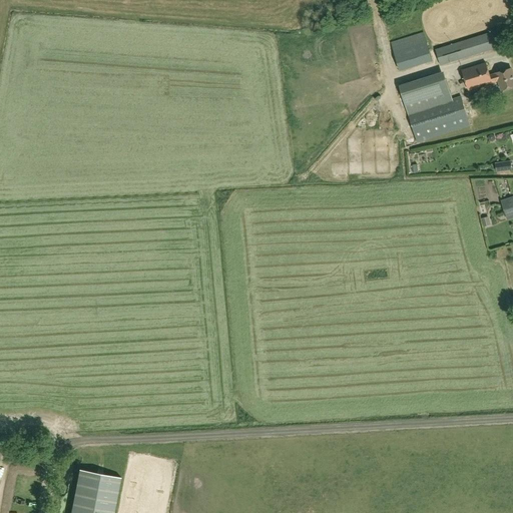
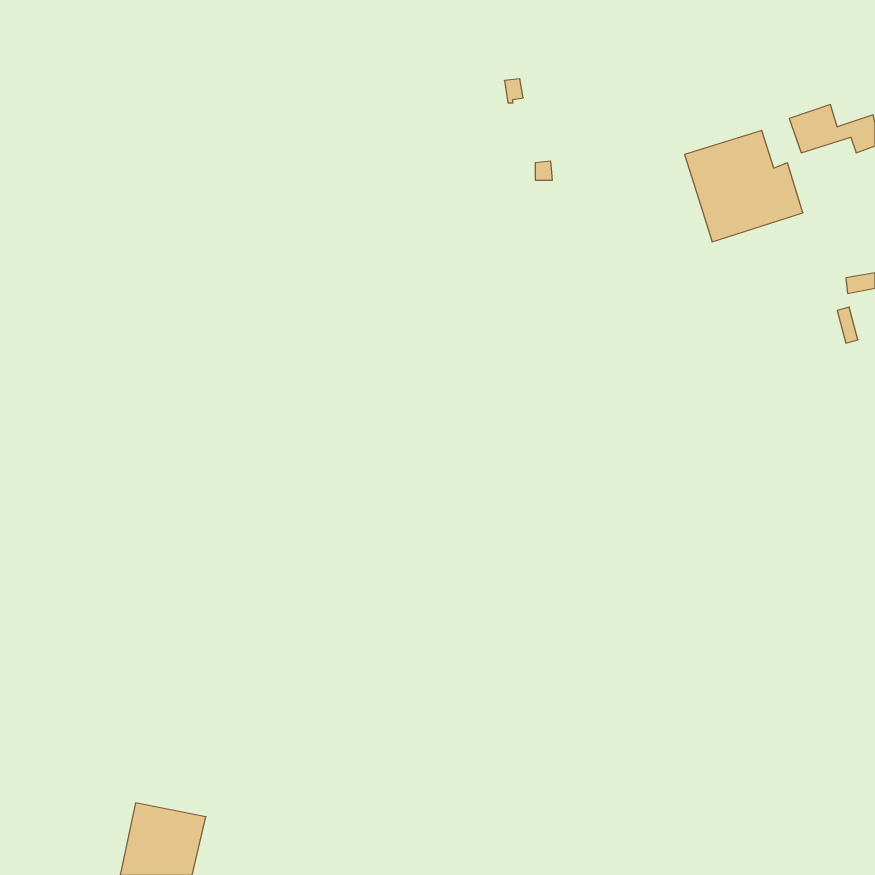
building: [434,31,497,64] -> none
building: [392,37,431,69] -> none

